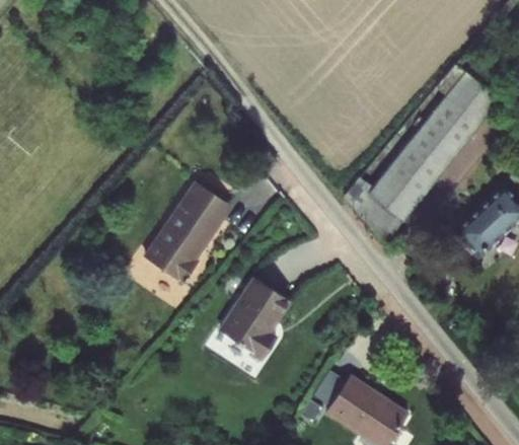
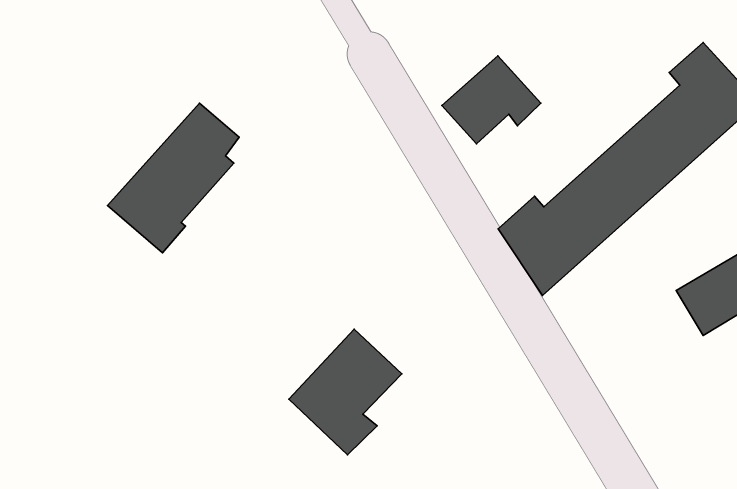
building: none -> [442,56,541,144]
building: [145,182,223,282] -> [108,103,239,253]

